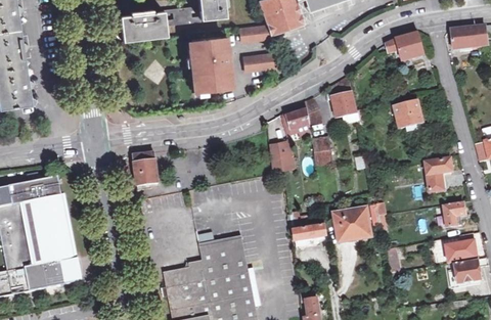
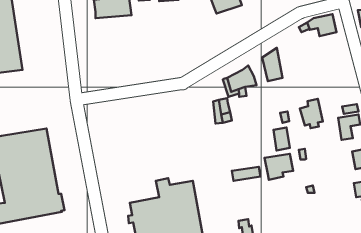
building: [240,24,274,41] -> none
building: [191,36,233,88] -> none
building: [244,52,276,72] -> none
building: [392,95,420,132] -> [300,99,323,128]
building: [311,137,331,166] -> [273,127,290,150]
building: [132,151,158,184] -> none

